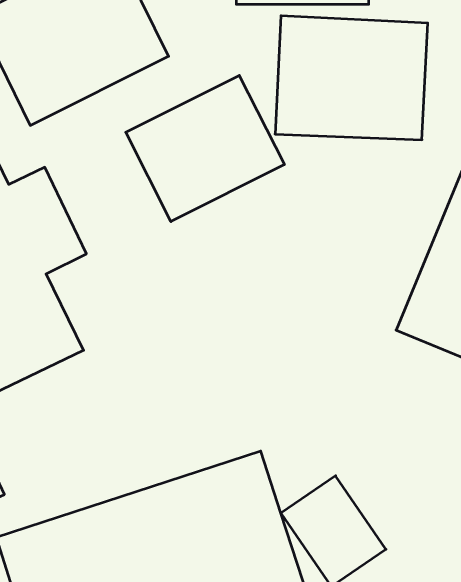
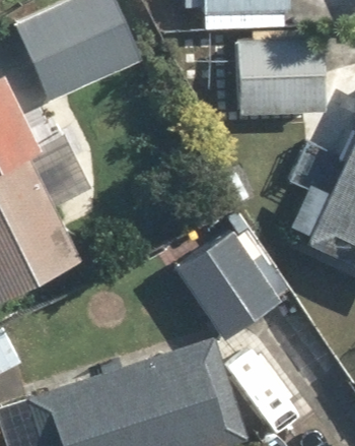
building: [126,75,284,222] -> none
building: none -> [169,226,283,344]

